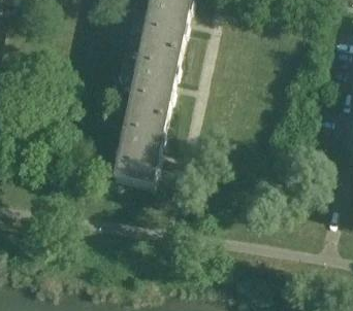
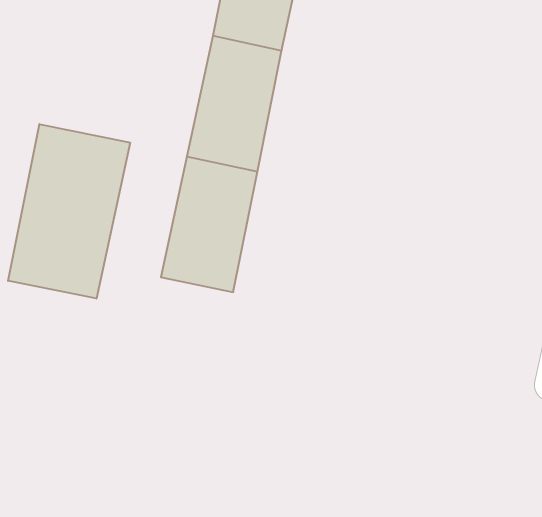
building: none -> [8,124,130,299]

